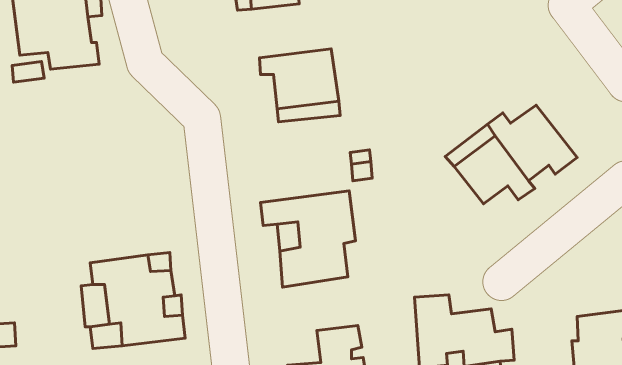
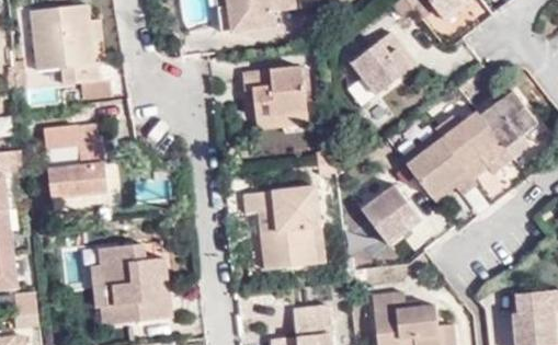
building: none -> [354,33,411,95]
building: none -> [476,92,539,160]
building: none -> [46,124,110,198]
building: none -> [364,188,422,249]

